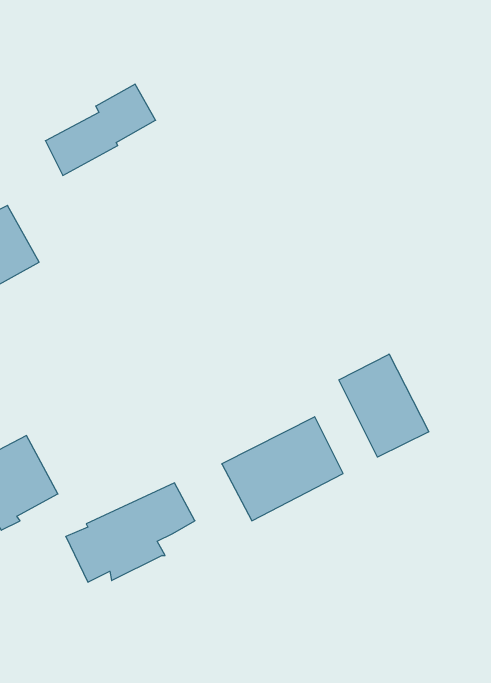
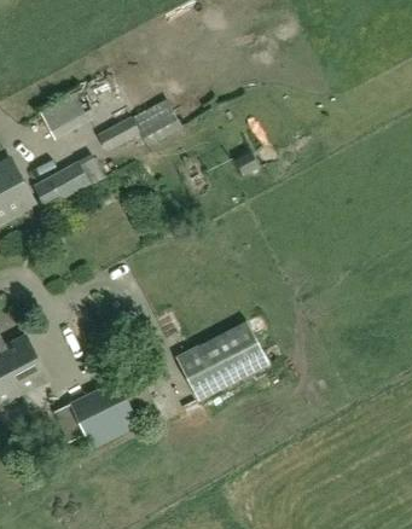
building: none -> [95,91,182,152]
building: none -> [34,153,104,208]
building: [339,354,429,457] -> none

